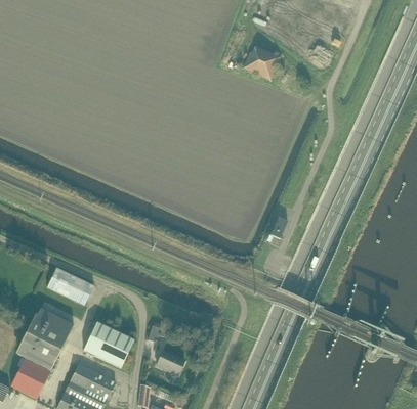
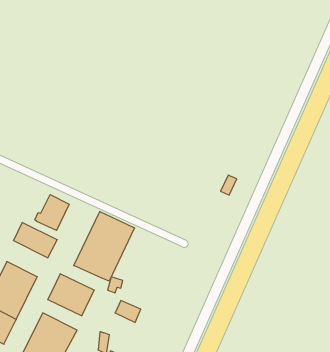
building: [243,45,280,80] -> none
building: none -> [35,195,69,230]
building: none -> [74,212,134,281]

